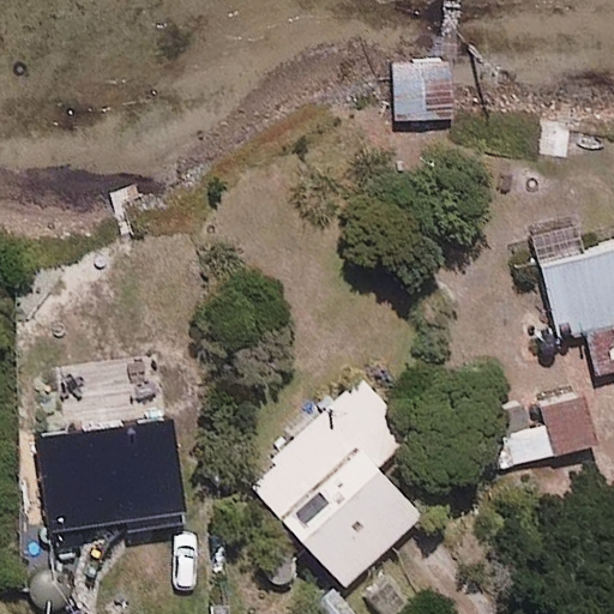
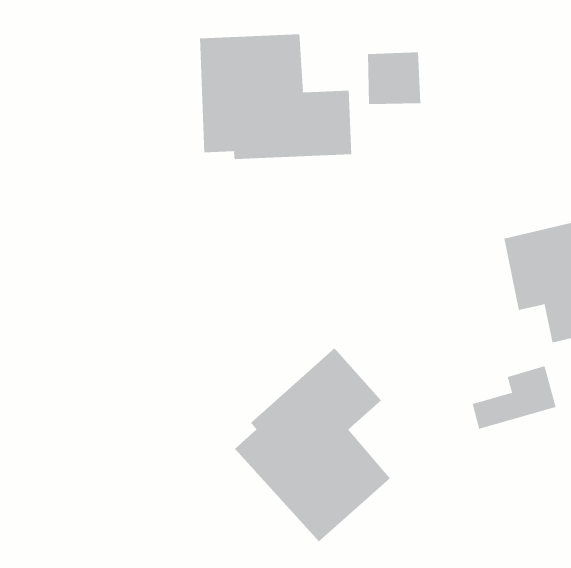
building: none -> [200,33,352,160]
building: [41,458,187,531] -> none

